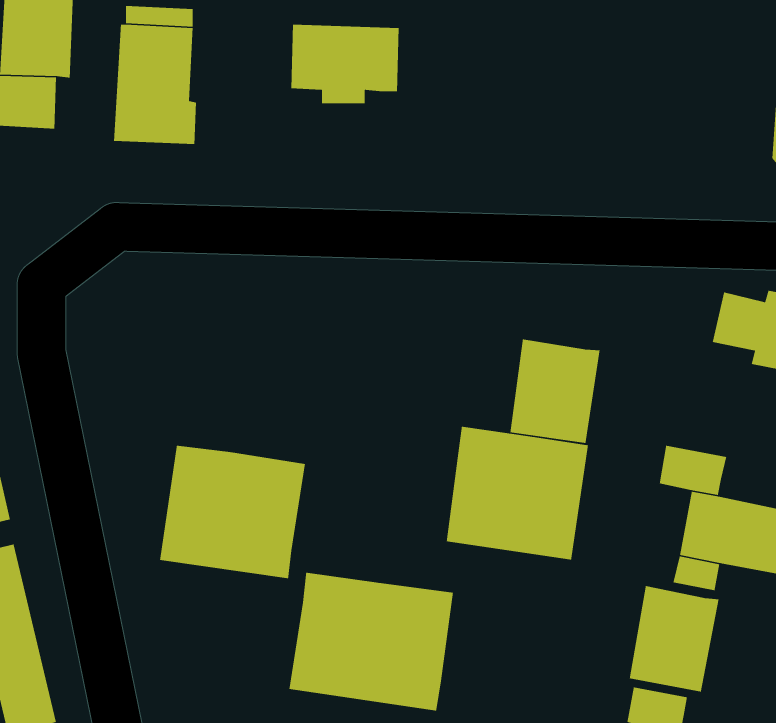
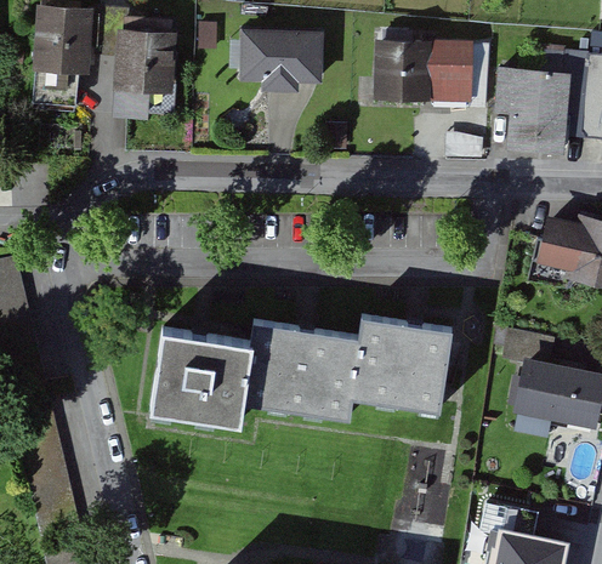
building: none -> [376,44,487,107]
building: none -> [498,69,568,149]
building: [509,338,601,444] -> none
building: [288,572,454,712] -> [243,321,360,421]
building: [629,585,720,692] -> none

